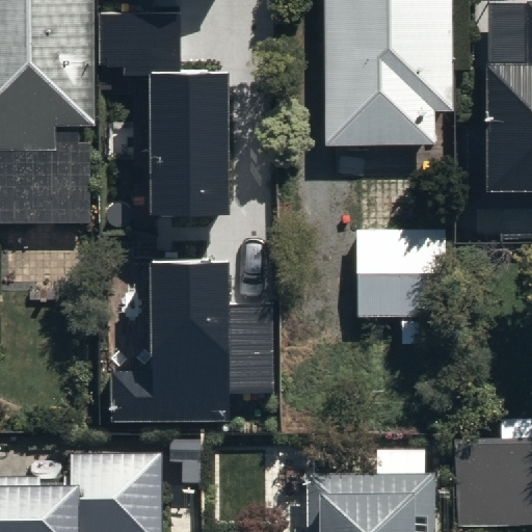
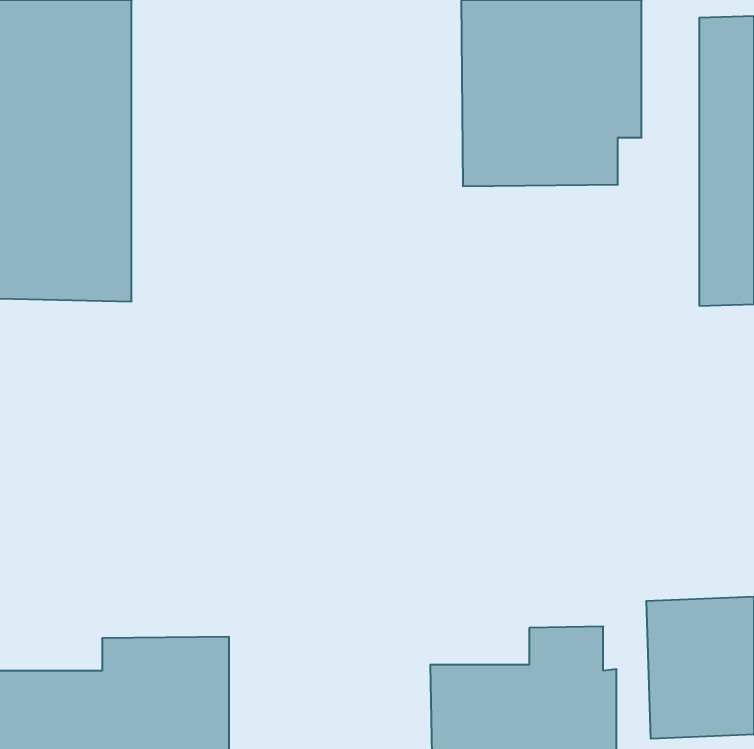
building: [99,16,229,219] -> none
building: [354,219,450,342] -> none
building: [109,265,272,425] -> none

